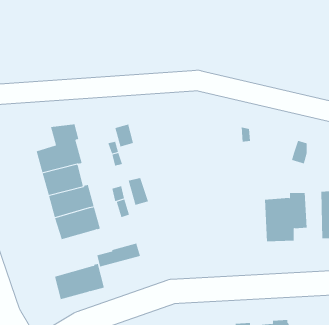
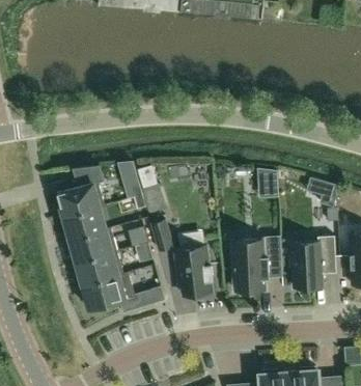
building: none -> [233,237,282,294]
building: none -> [175,247,213,296]
building: [54,263,105,300] -> [83,272,135,309]

